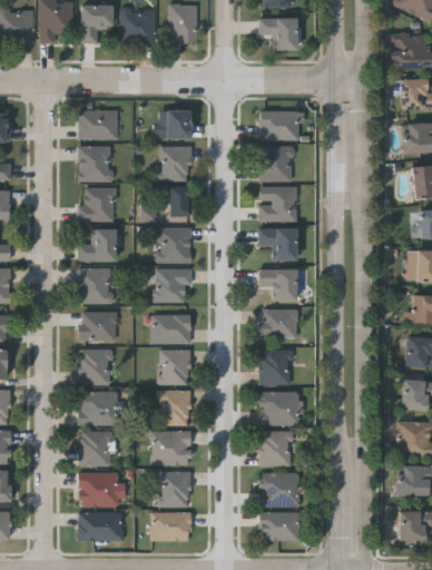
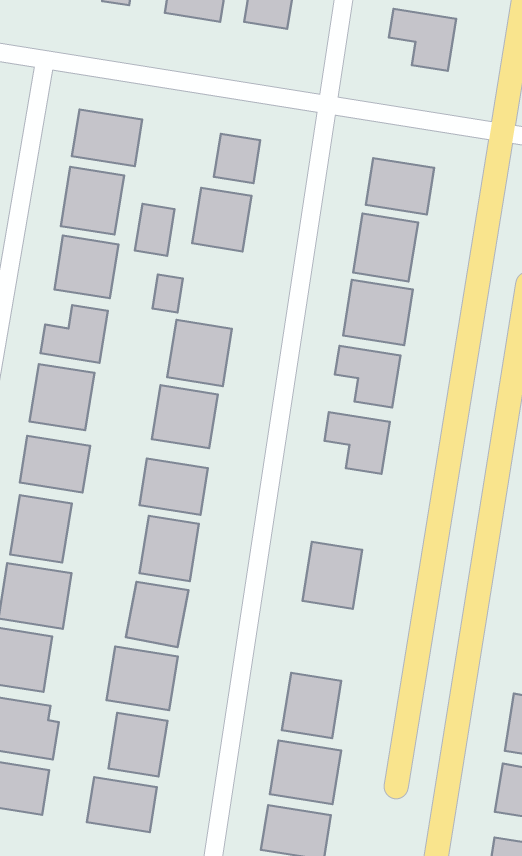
building: [168,186,188,215] -> [135,204,175,256]
building: [258,309,297,337] -> none
building: [258,391,301,425] -> none

